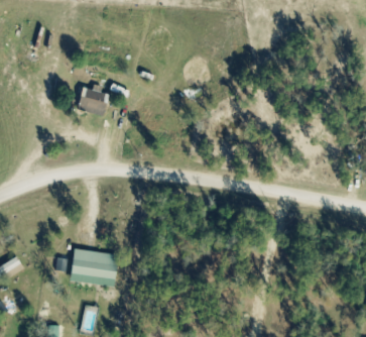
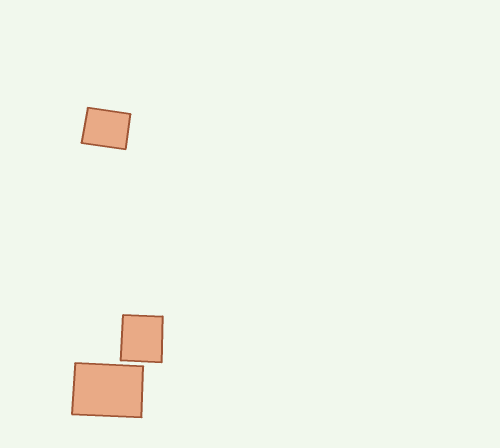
building: none -> [121,315,163,362]

